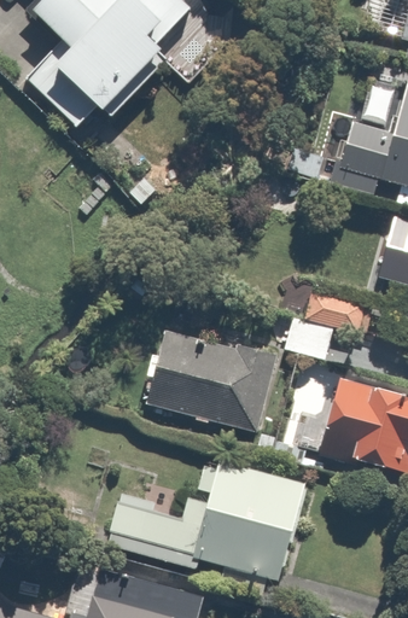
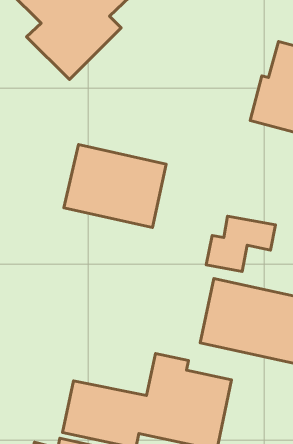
building: [148,328,275,431] -> [64,145,166,227]

